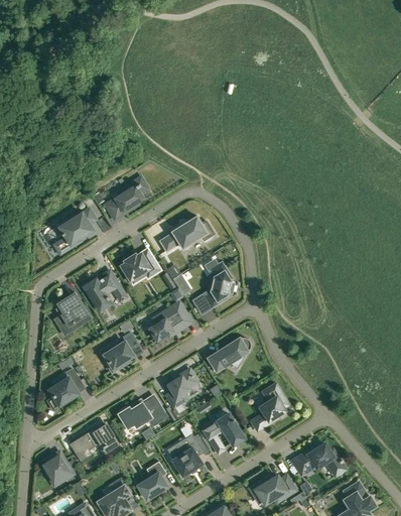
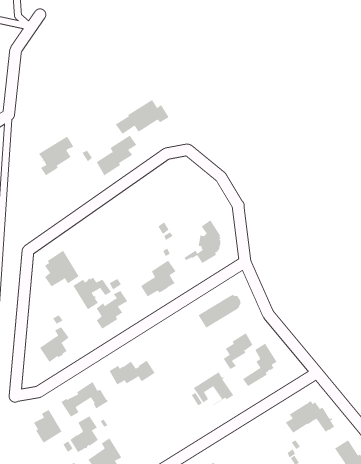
building: [58,209,94,249] -> [38,136,74,176]
building: [158,216,213,251] -> [115,99,170,134]
building: [120,253,158,283] -> none
building: [84,277,123,310] -> [72,277,112,310]
building: [165,369,195,406] -> [223,333,253,370]
building: [170,438,202,477] -> none
building: [137,462,166,499] -> [70,416,99,453]
building: [248,476,294,502] -> none

